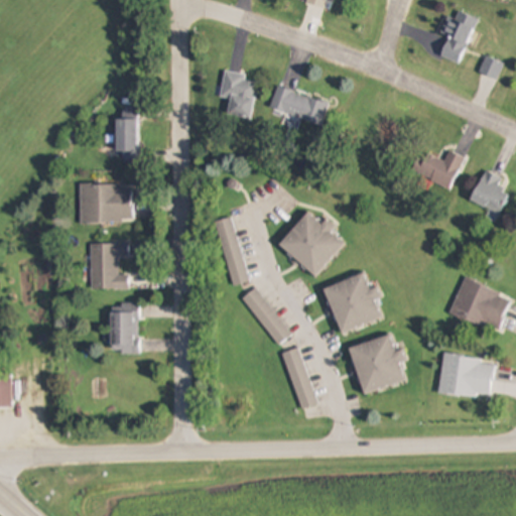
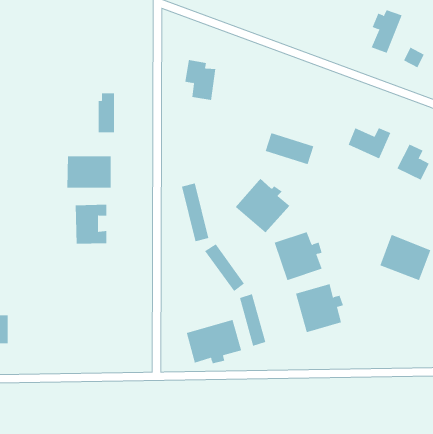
building: [269,87,328,125] -> [265,133,314,165]
building: [110,302,138,352] -> none
building: [438,355,494,399] -> none
building: none -> [186,319,242,364]

